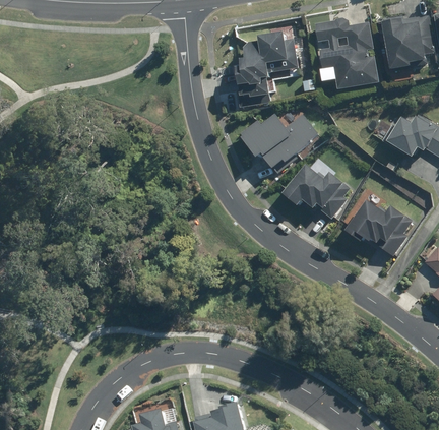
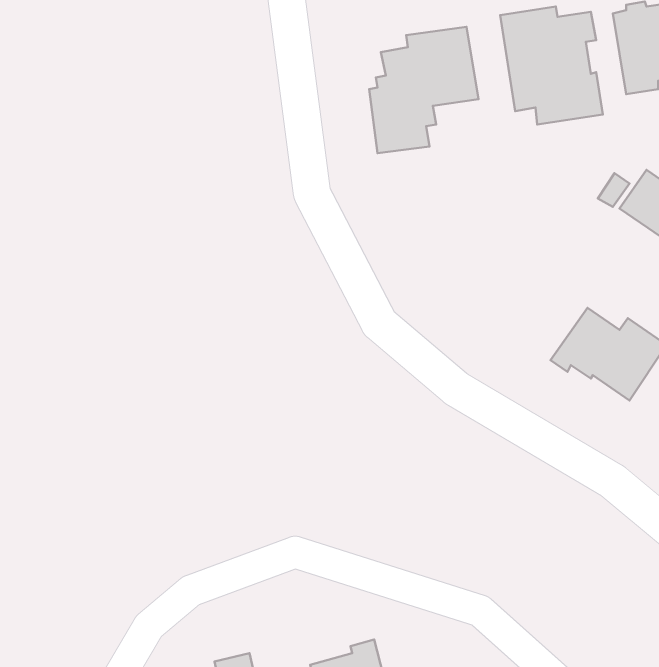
building: [238,114,317,169] -> none
building: [279,165,349,217] -> none

